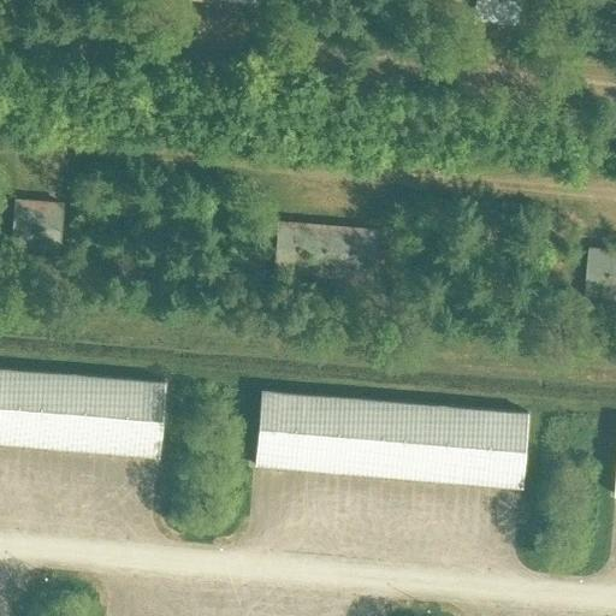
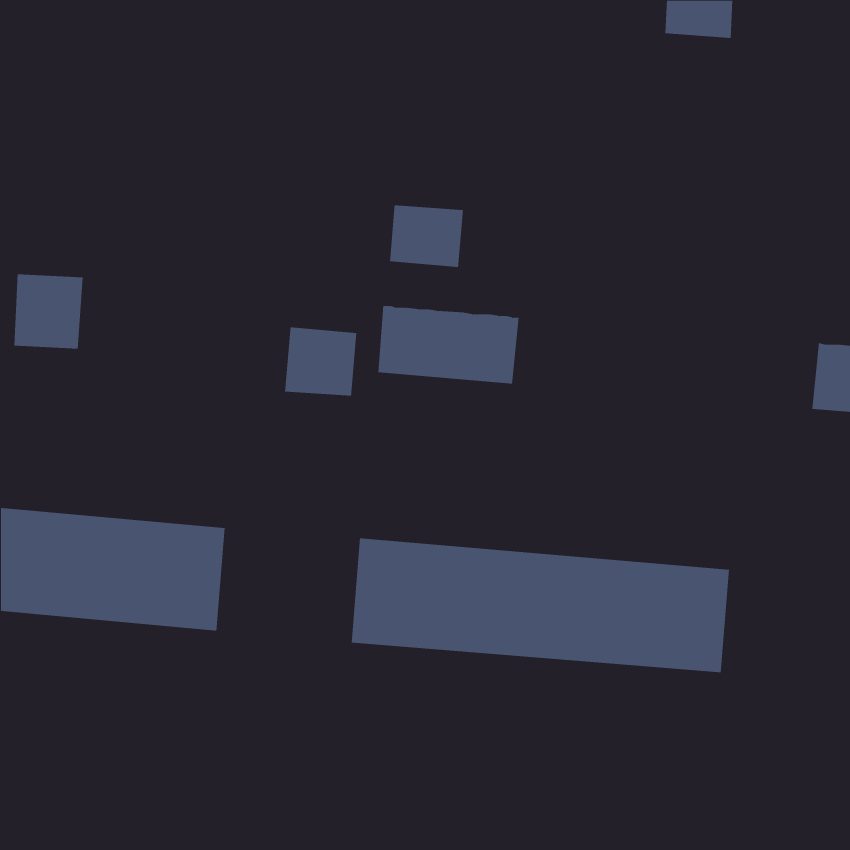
building: none -> [389,205,464,268]
building: none -> [284,327,357,397]

